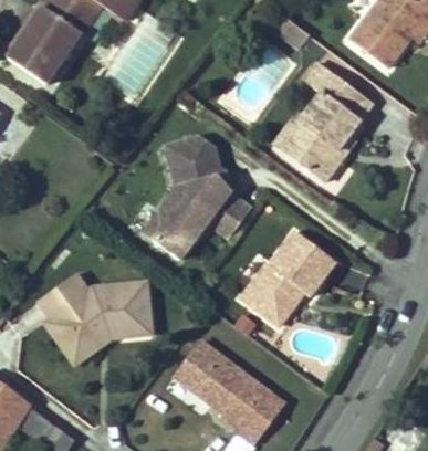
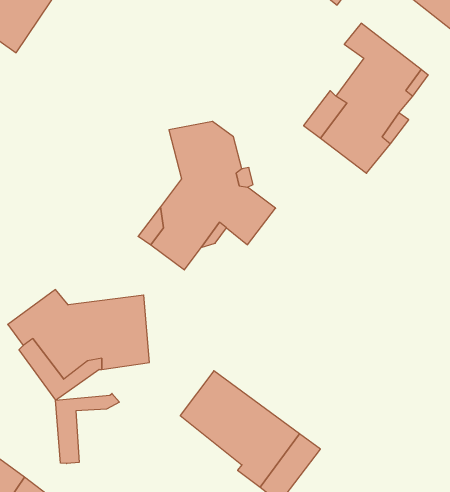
building: [240,231,334,327] -> none
building: none -> [55,393,119,464]

